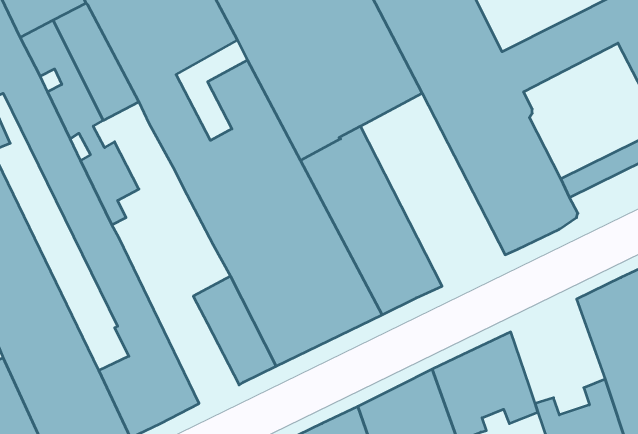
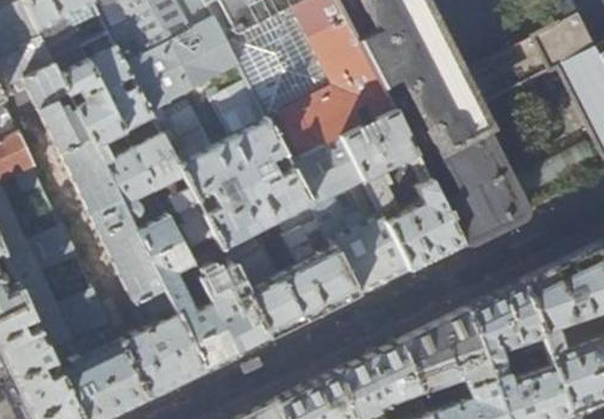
building: none -> [341,110,463,272]
building: none -> [134,135,184,190]
building: none -> [171,189,217,250]
building: none -> [137,217,239,371]
building: none -> [468,283,547,359]

